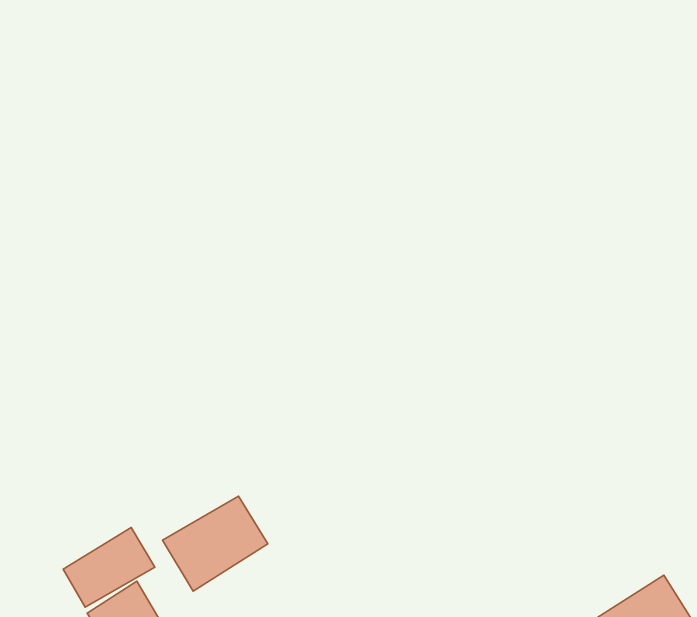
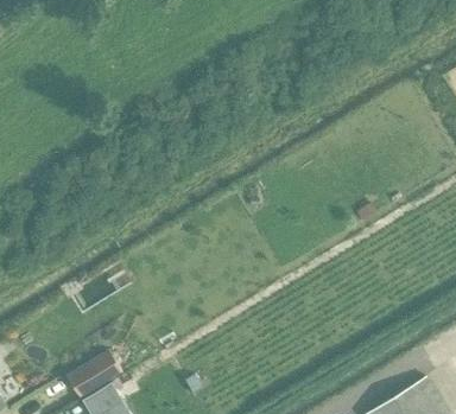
building: [162,496,268,591] -> none

